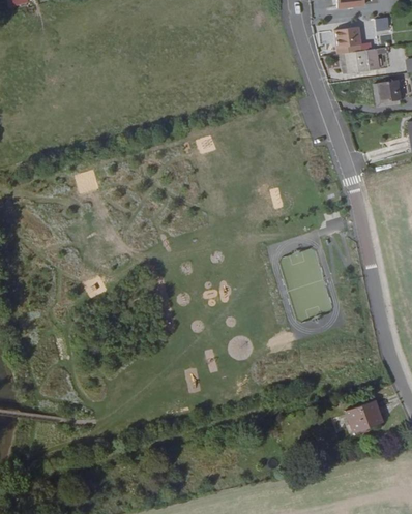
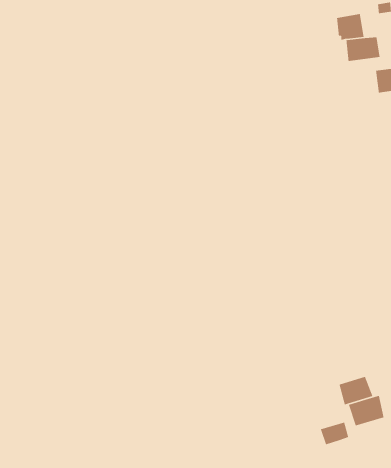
building: none -> [338,376,373,405]
building: none -> [320,421,349,446]

